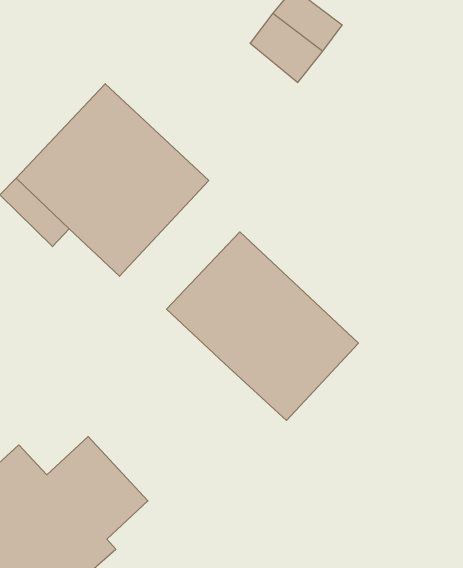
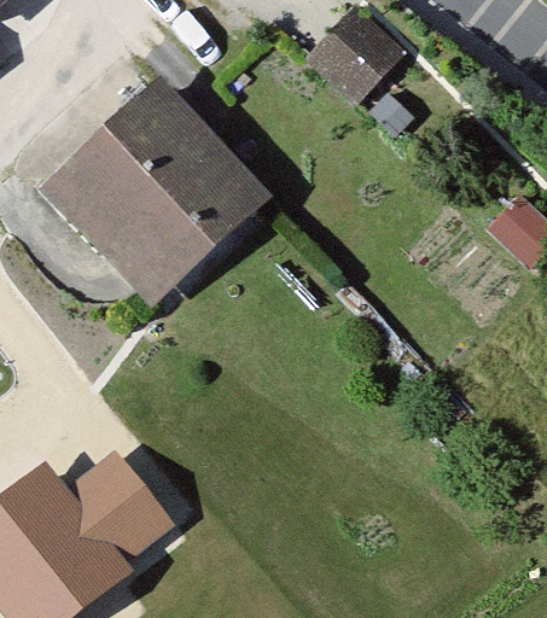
building: [167,232,358,420] -> none

